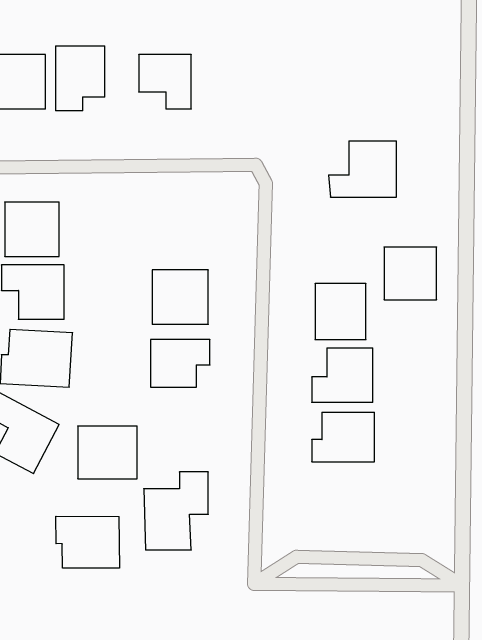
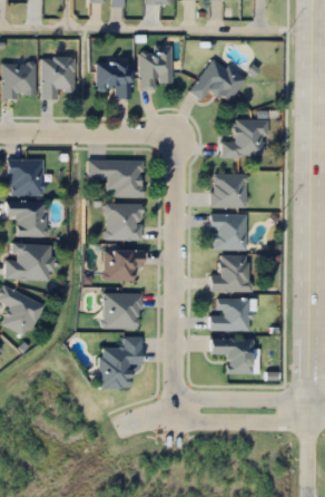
building: none -> [138,48,171,89]
building: none -> [189,56,245,103]
building: none -> [87,159,142,196]
building: [384,247,437,300] -> [211,173,246,207]
building: [78,426,137,479] -> [102,293,141,328]
building: none -> [210,338,253,373]
building: [56,516,119,568] -> none

